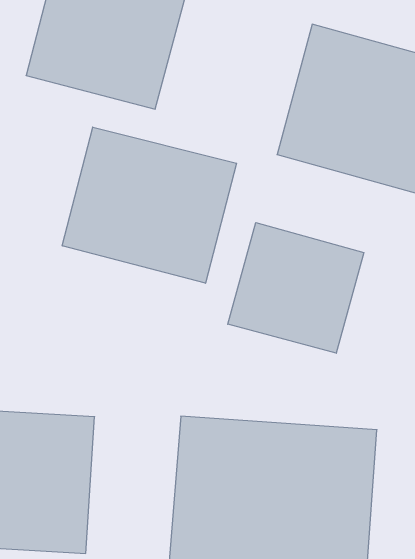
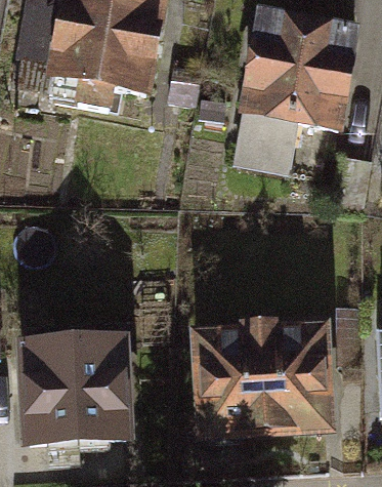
building: [62,127,237,283] -> none
building: [228,223,364,353] -> none

